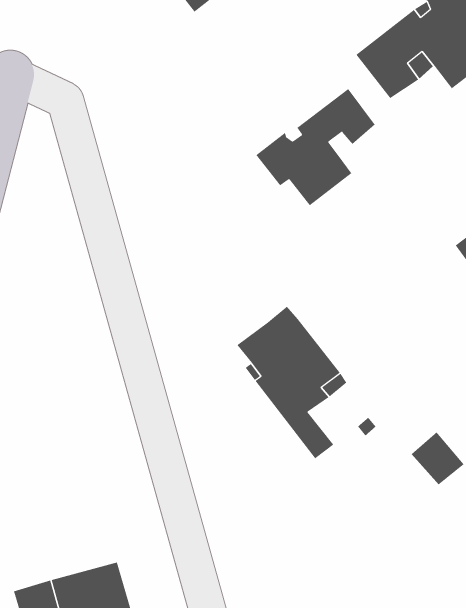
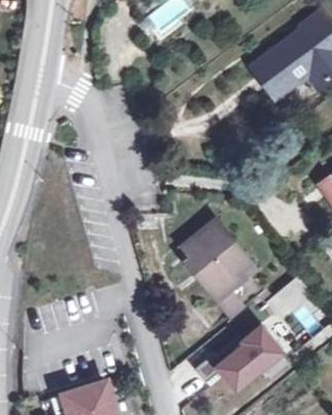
building: [255,88,376,206] -> none
building: none -> [194,325,281,390]

